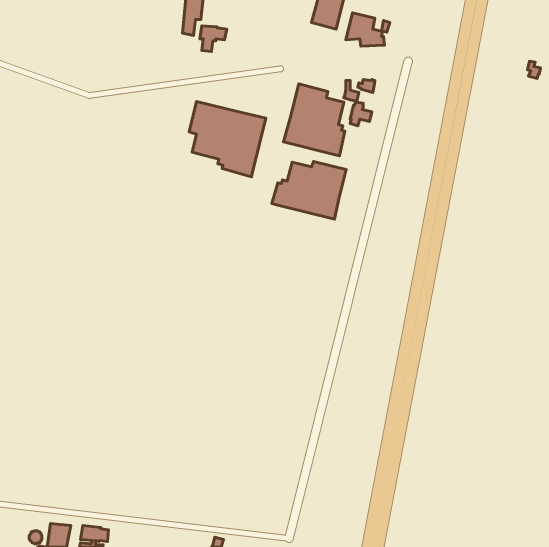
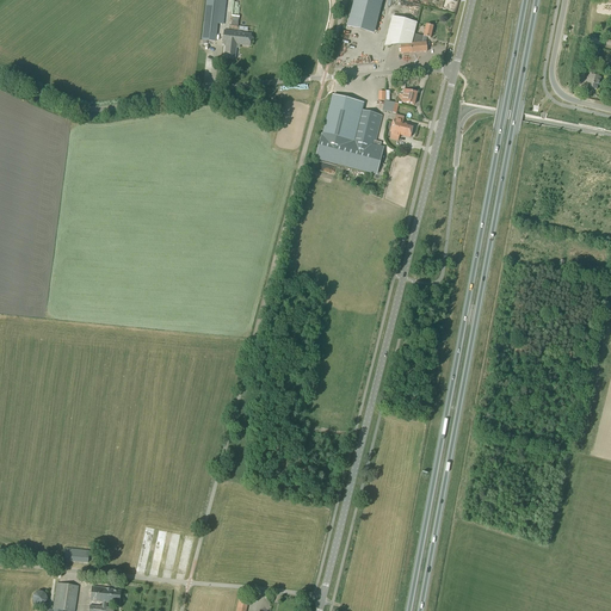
building: [189,101,266,177] -> none
building: [272,162,346,219] -> none

